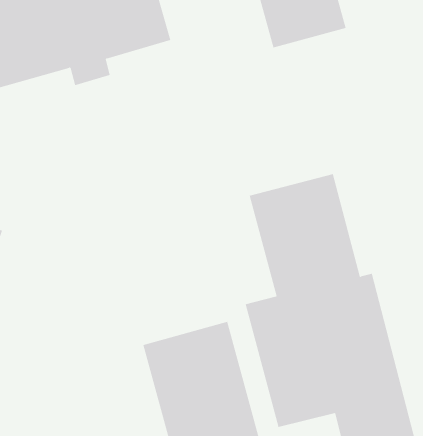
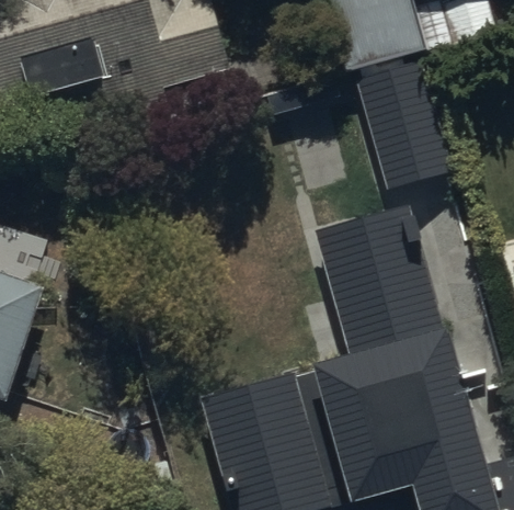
building: none -> [353,63,455,193]

